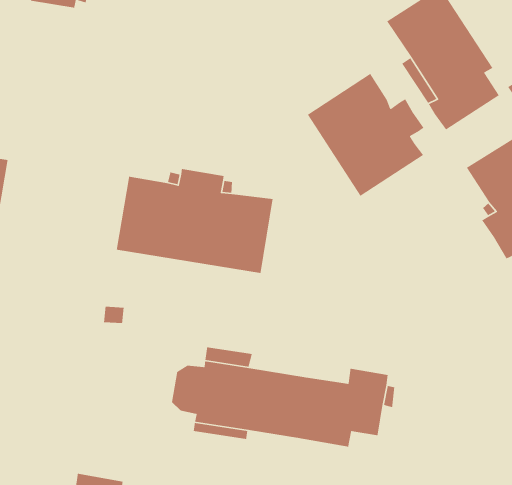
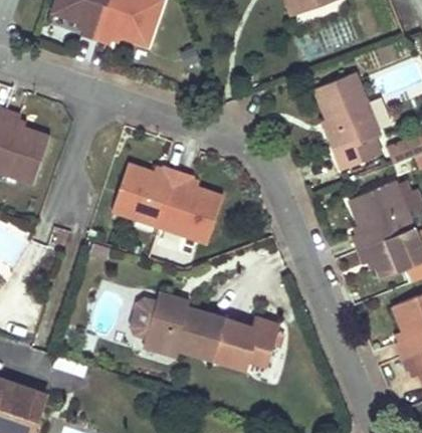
building: [307,73,424,197] -> none

